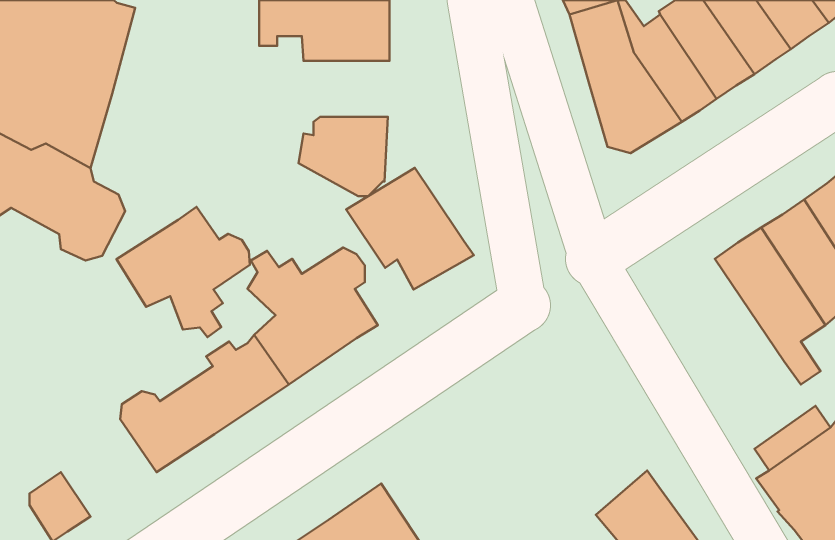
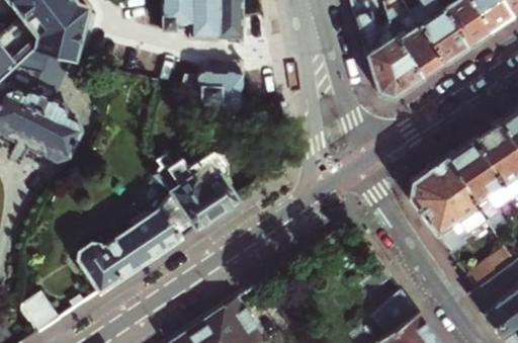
building: [346,168,474,290] -> none
building: [117,207,250,337] -> none
building: none -> [408,160,486,254]

